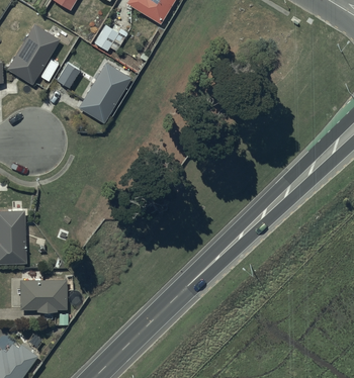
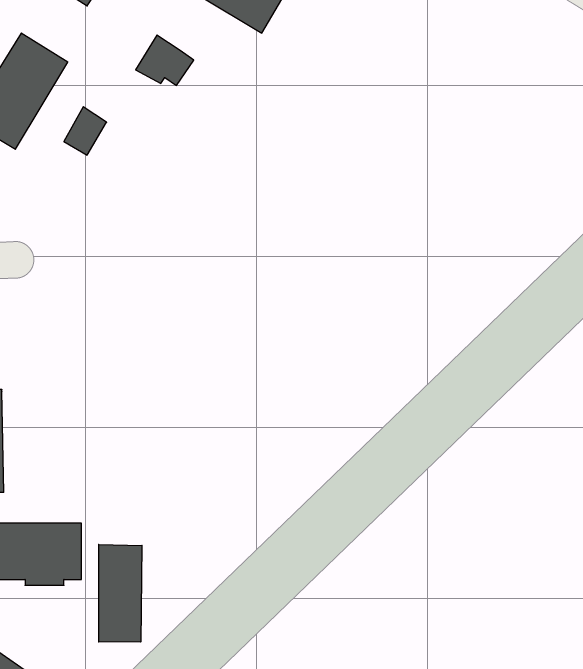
building: [79,63,131,123] -> none
building: none -> [99,544,142,642]

